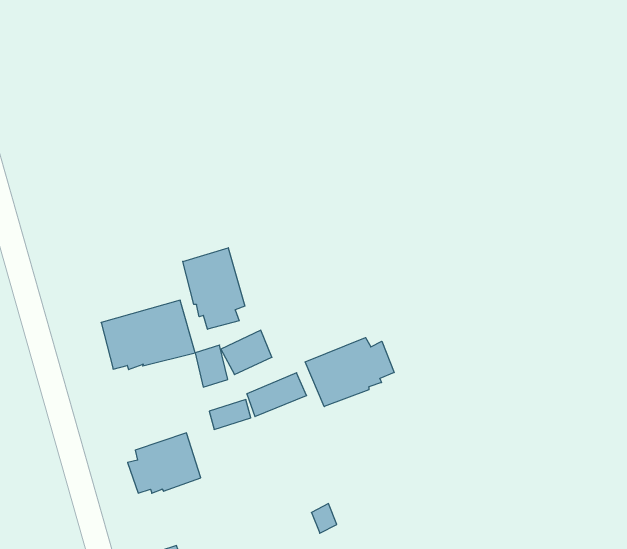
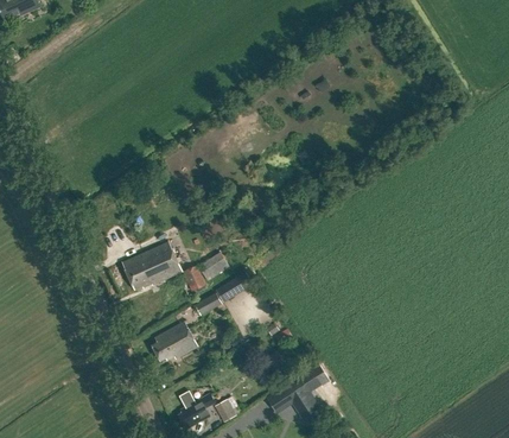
building: [183,248,245,329] -> none
building: [305,338,394,407] -> none

